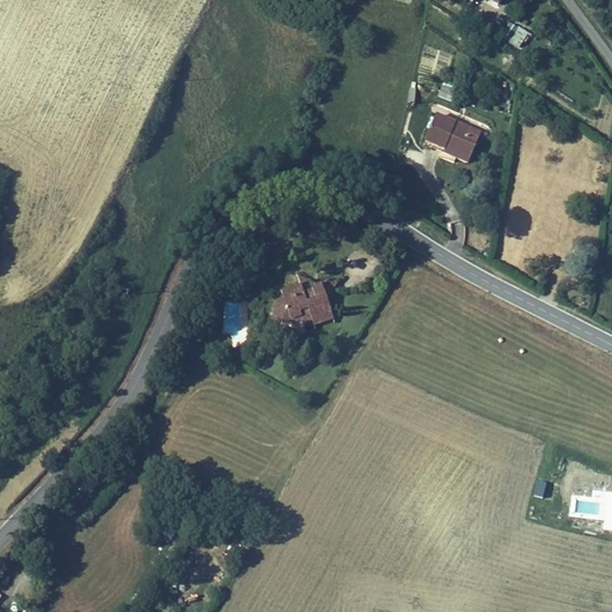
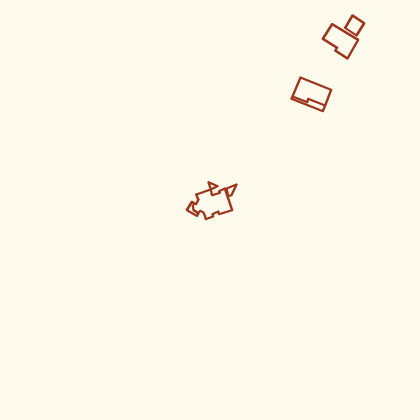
building: none -> [323,24,358,58]

